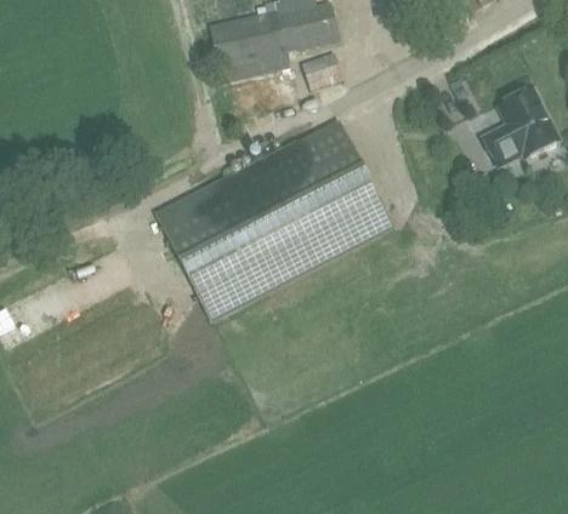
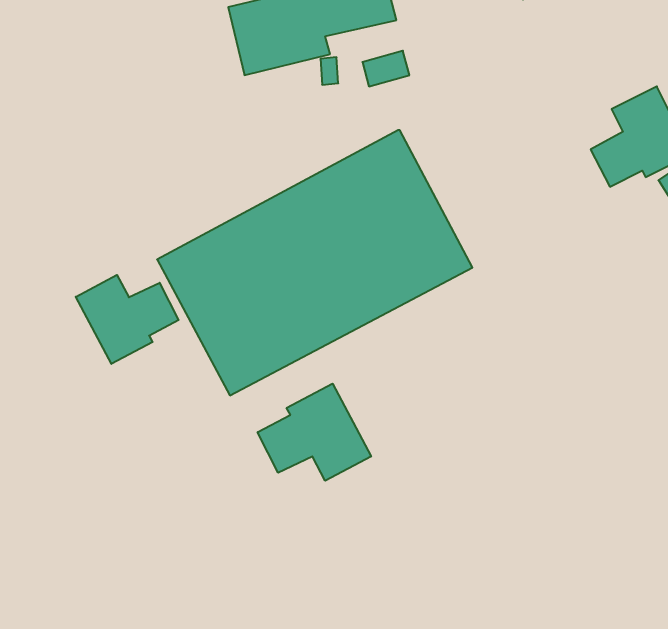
building: none -> [76,275,179,364]
building: none -> [258,384,371,481]

